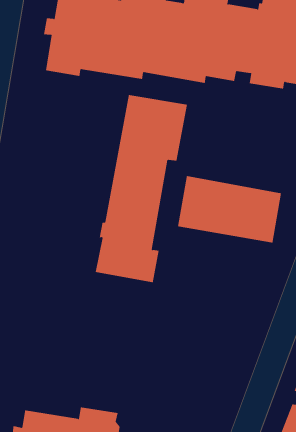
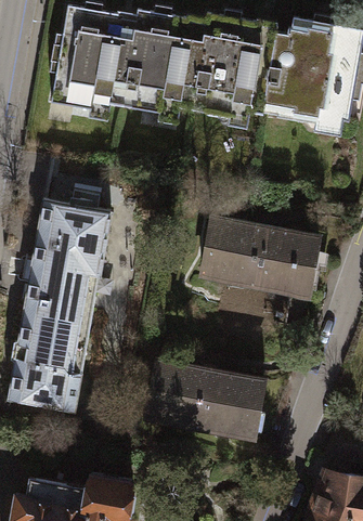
building: [95,95,188,283] -> [10,203,113,411]
building: none -> [144,362,261,437]

